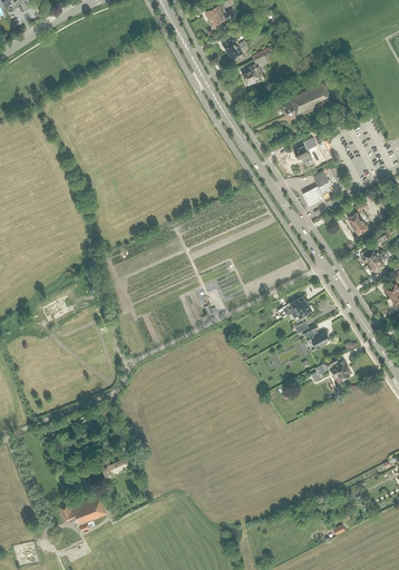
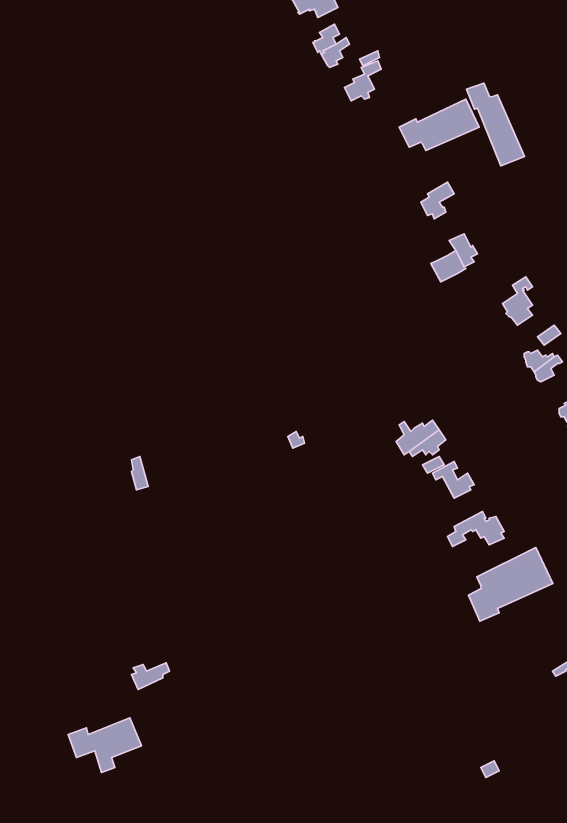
building: none -> [467,83,524,166]
building: none -> [468,547,553,621]

